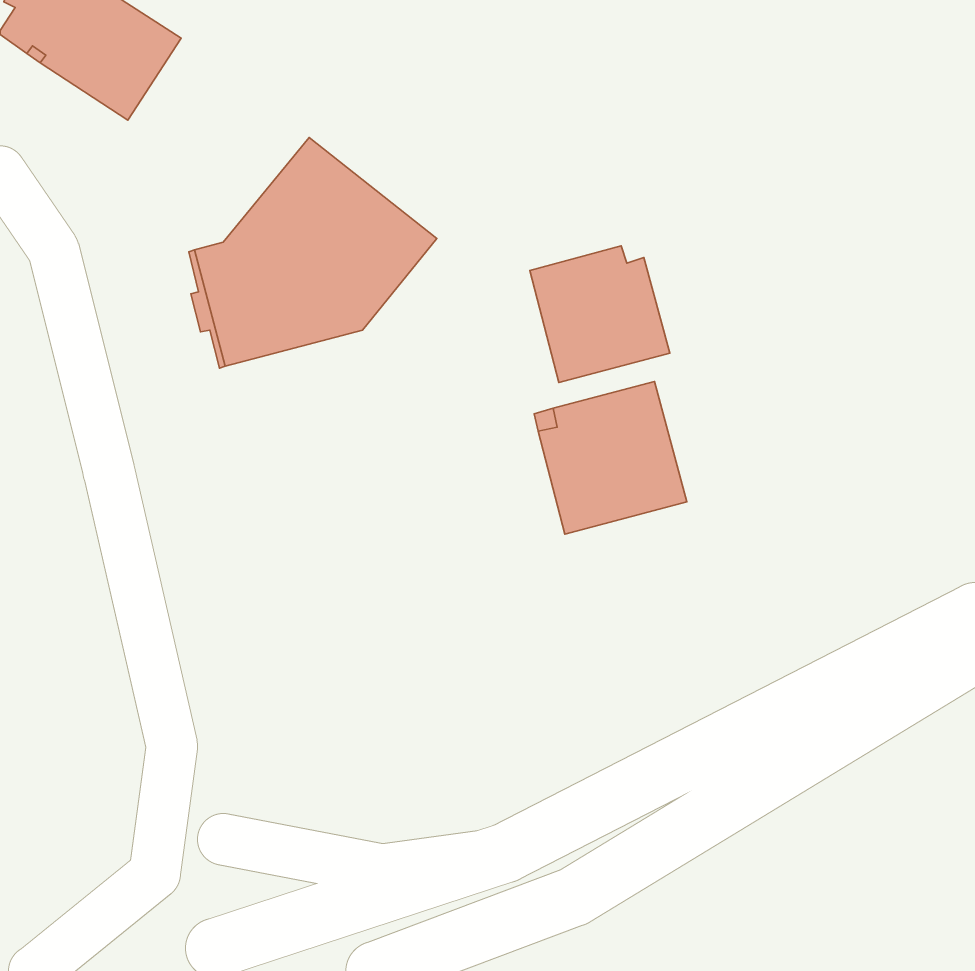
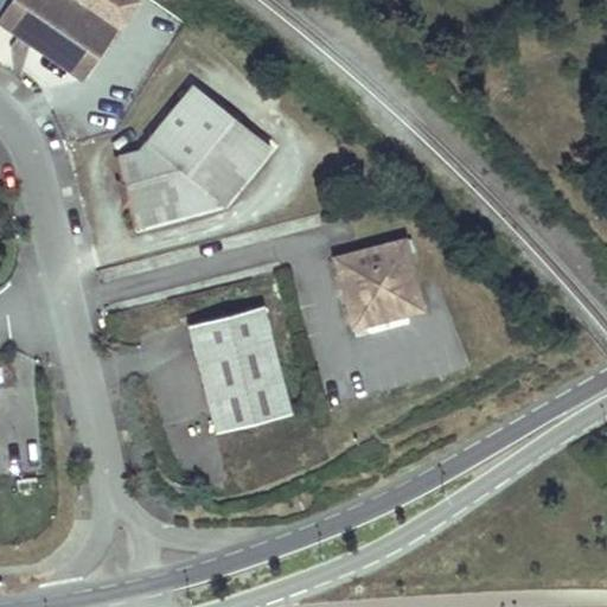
building: [530,246,670,382] -> none
building: none -> [189,306,293,434]

